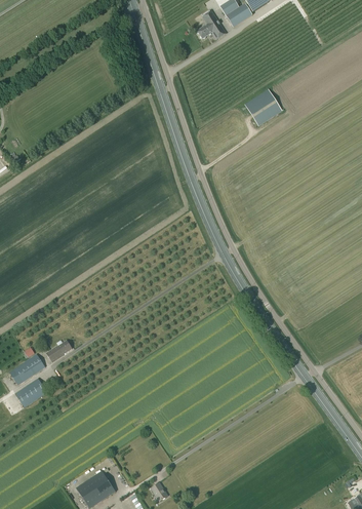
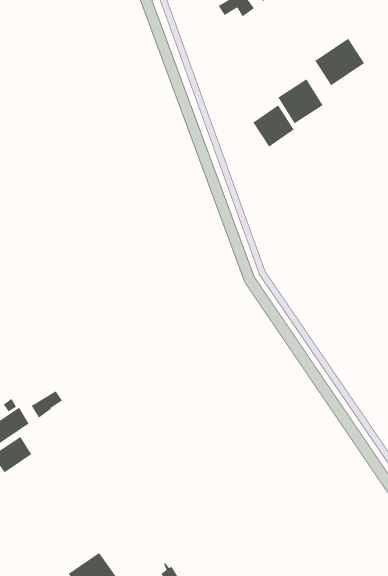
building: none -> [315,38,365,86]
building: none -> [252,105,295,147]

